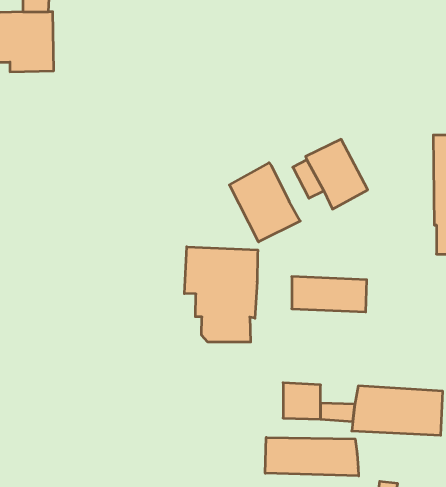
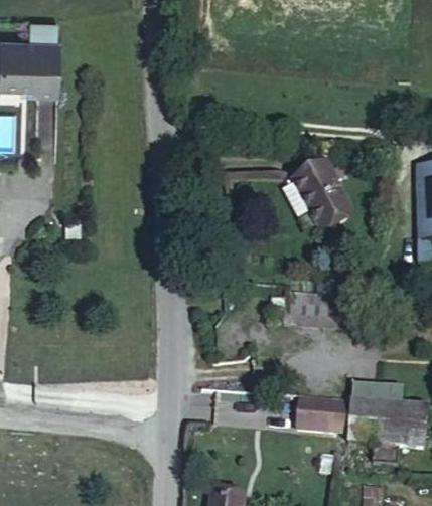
building: [229,163,300,242] -> none
building: [184,247,258,342] -> none
building: [265,437,359,476] -> none

